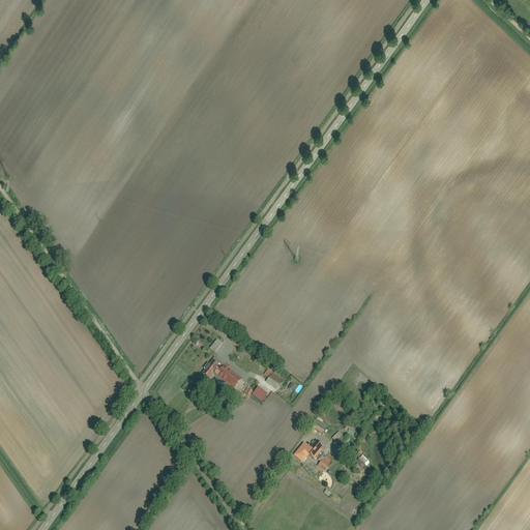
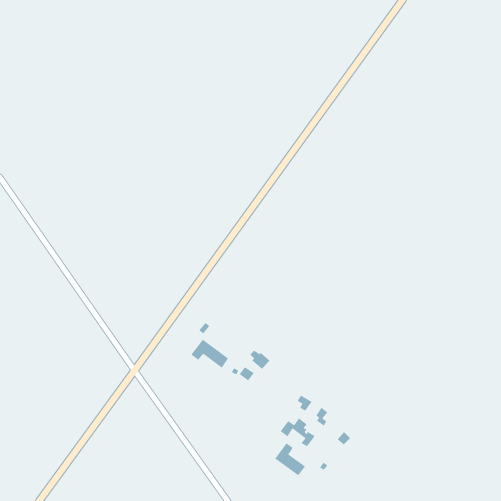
building: none -> [275,442,306,476]

